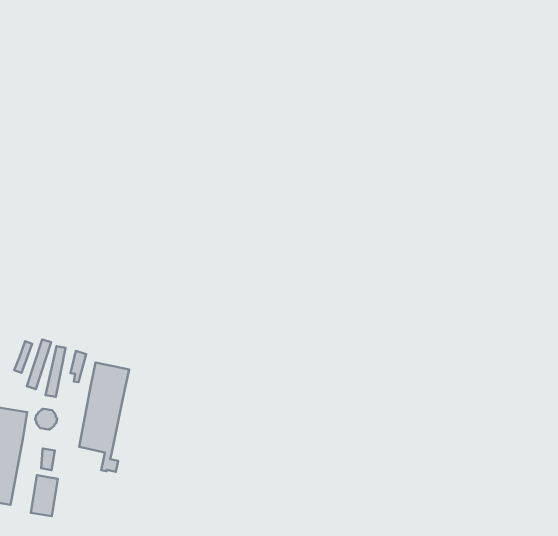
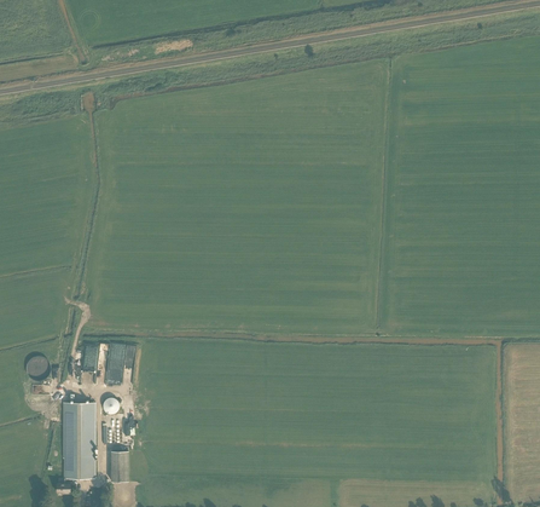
building: [79,362,129,472] -> none

